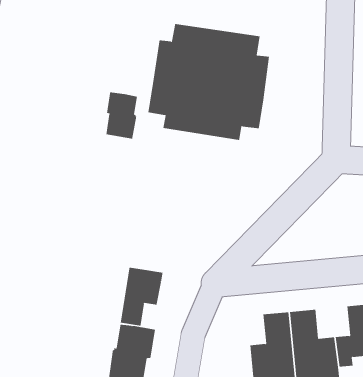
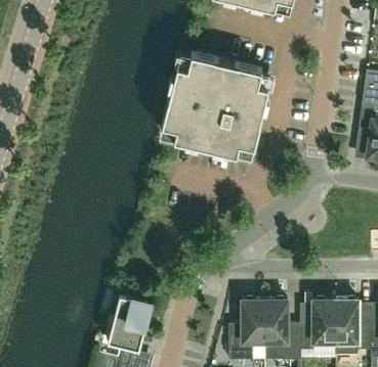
building: [106,91,137,139] -> none
building: [120,267,163,327] -> none

